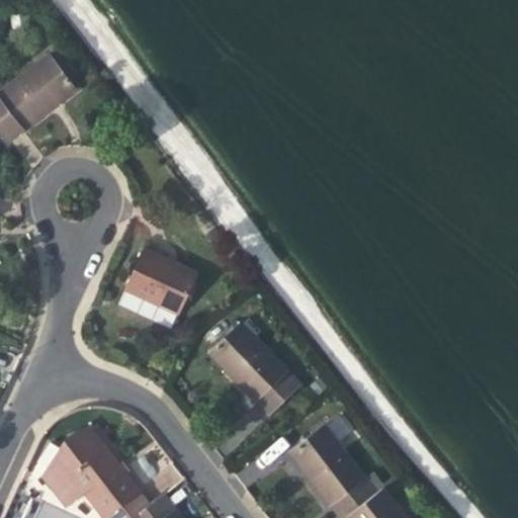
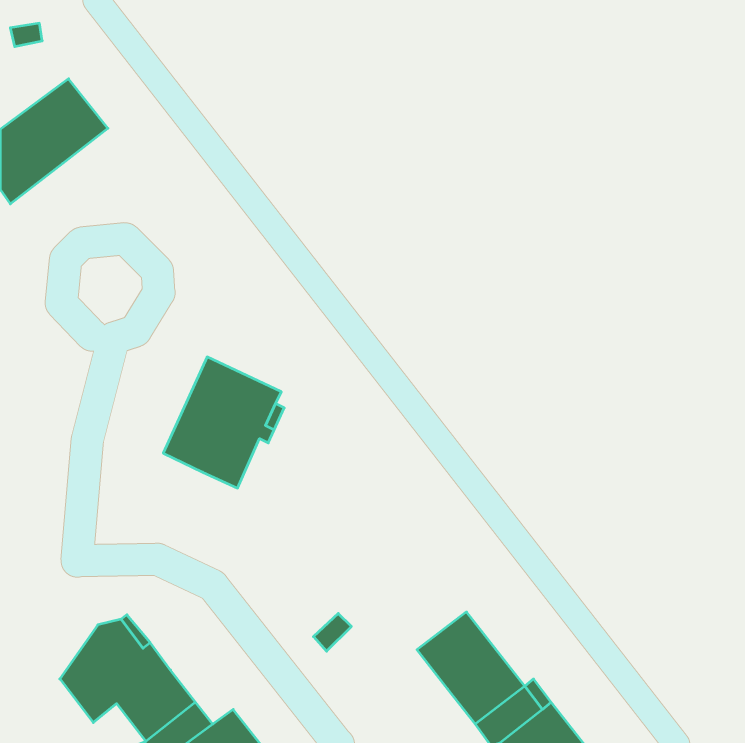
building: [208,323,298,414] -> none

